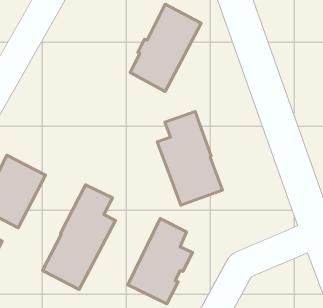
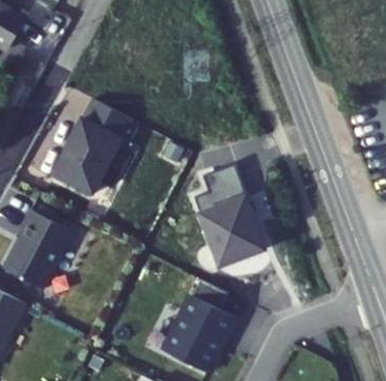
building: [130,4,201,91] -> [55,99,133,194]
building: [42,185,115,290] -> none

